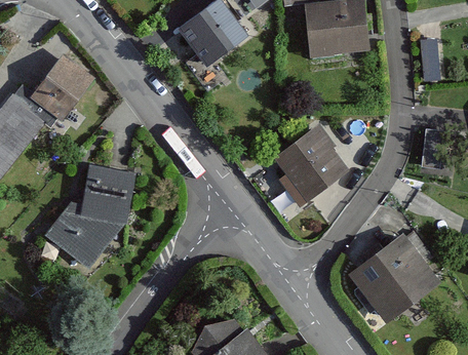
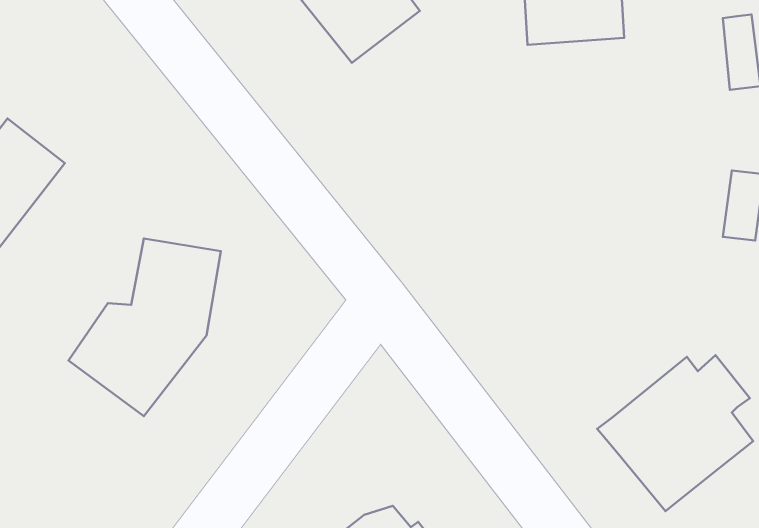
building: [11,54,93,126] -> none
building: [274,128,347,201] -> none

